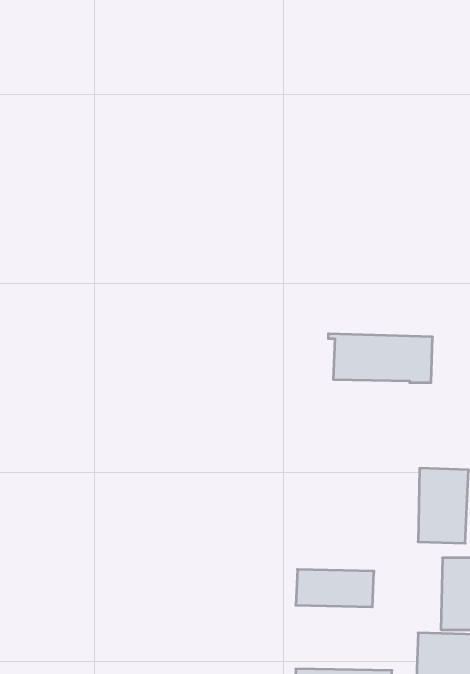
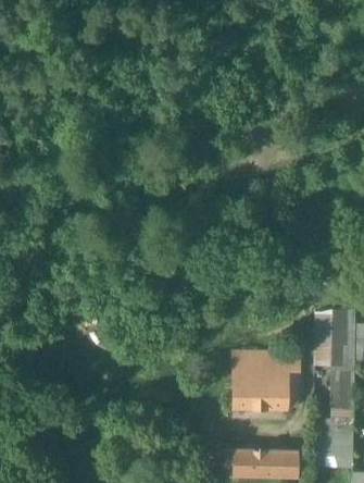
building: [328,334,433,383] -> [230,354,300,386]

